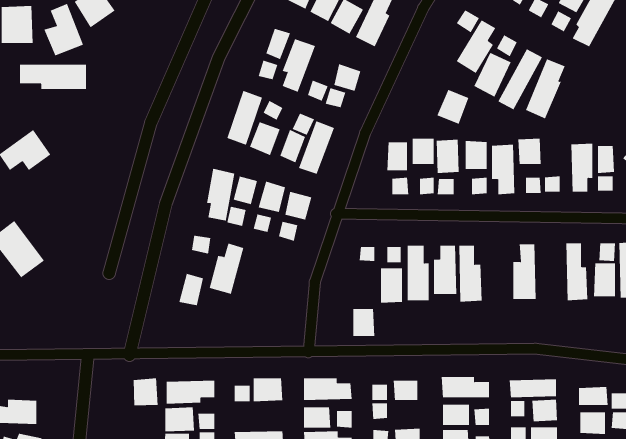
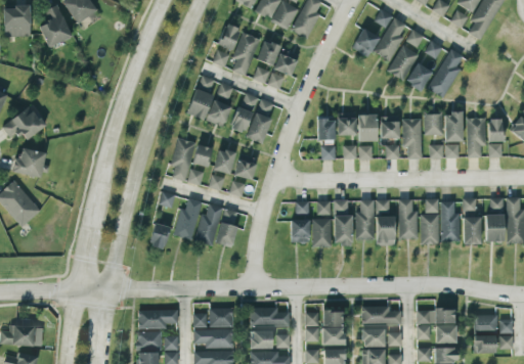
building: none -> [257,41,280,65]
building: [20,64,86,90] -> none
building: [437,89,469,124] -> [352,29,379,57]
building: none -> [444,112,463,142]
building: none -> [10,147,46,178]
building: none -> [398,199,418,239]
building: none -> [440,201,460,242]
building: none -> [194,204,237,247]
building: [353,309,375,336] -> [291,220,309,242]
building: [133,377,158,406] -> none
building: none -> [321,327,344,345]
building: none -> [193,329,233,349]

